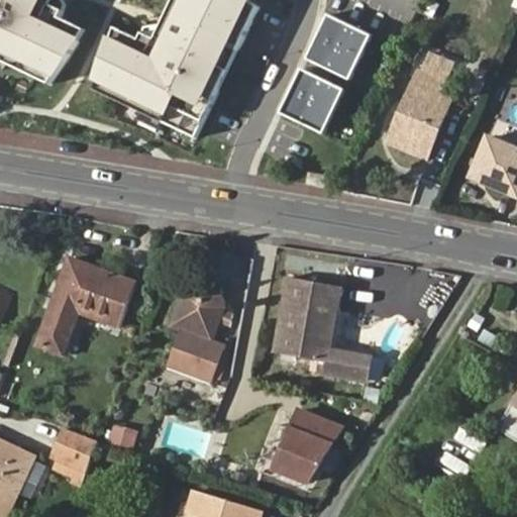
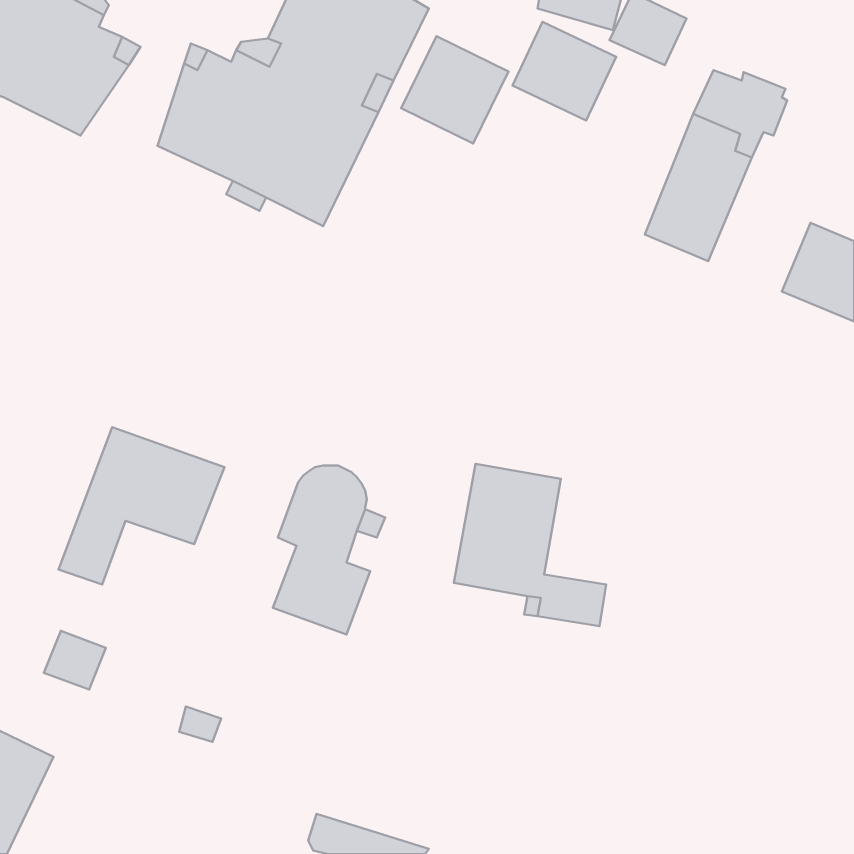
building: [285,63,349,127] -> [401,36,508,143]
building: [273,413,342,485] -> none
building: [53,432,90,468] -> [44,631,106,690]

